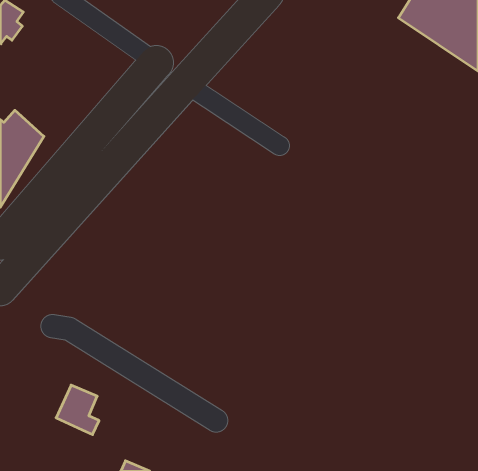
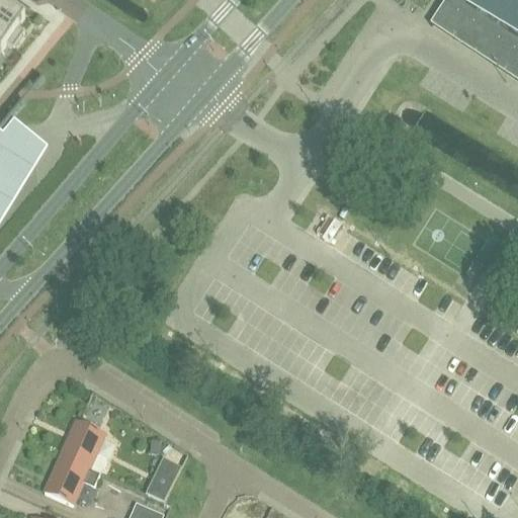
building: none -> [45,452,100,502]
building: none -> [145,454,181,498]

